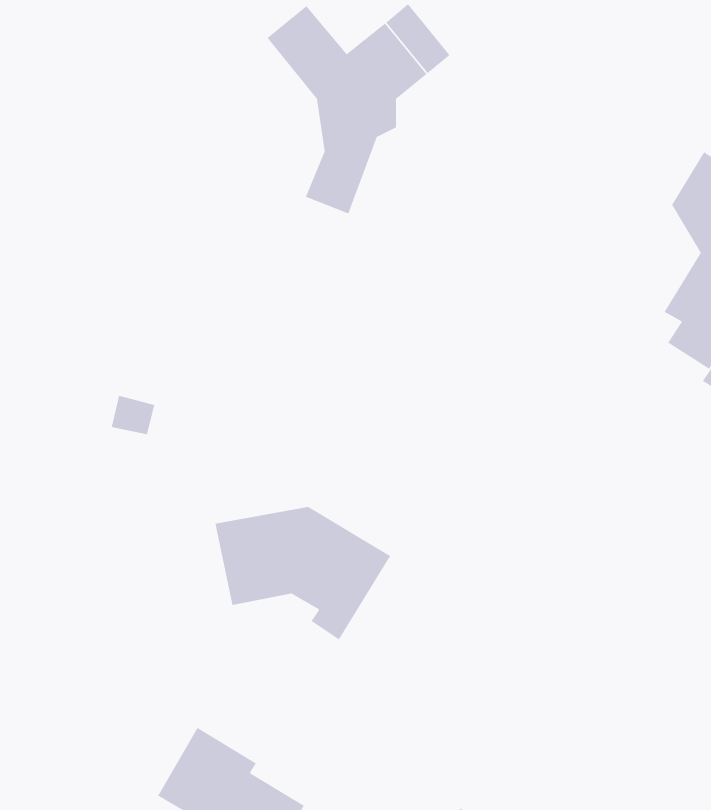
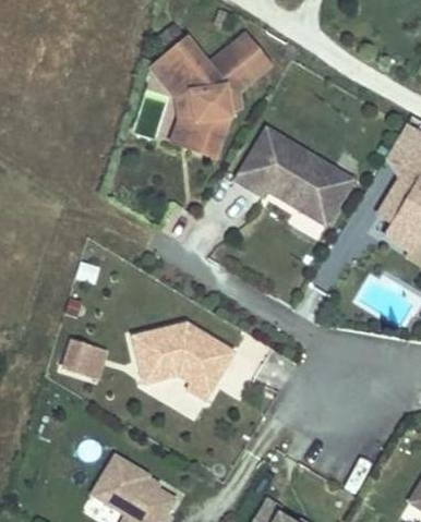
building: none -> [149,58,194,148]
building: none -> [232,130,349,227]
building: none -> [63,340,105,376]

